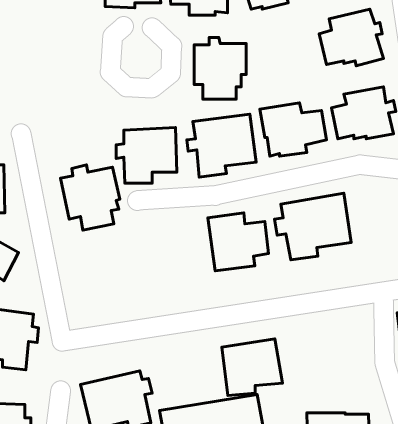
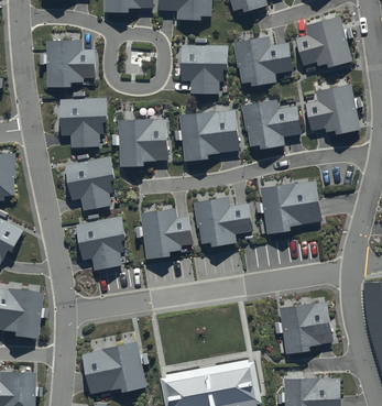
building: none -> [233,37,292,85]
building: none -> [43,42,96,90]
building: none -> [62,96,109,152]
building: none -> [137,209,194,265]
building: none -> [77,216,129,275]
building: [222,339,282,395] -> [280,303,334,353]

